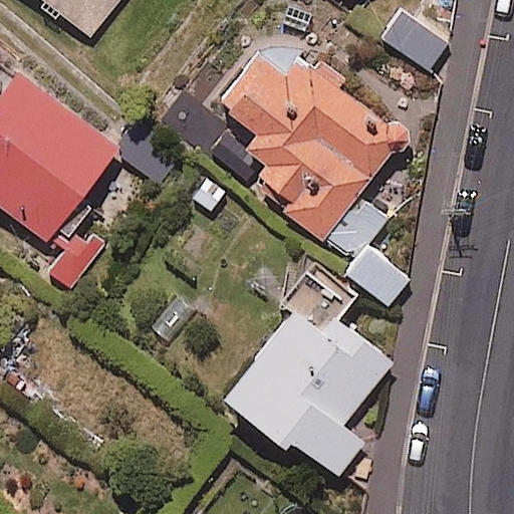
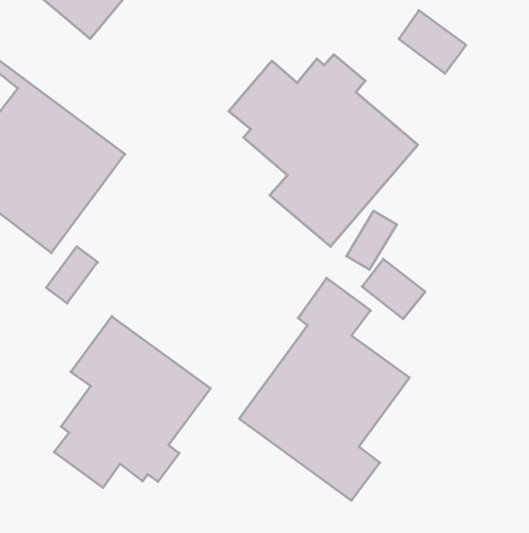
building: none -> [54,316,210,488]

